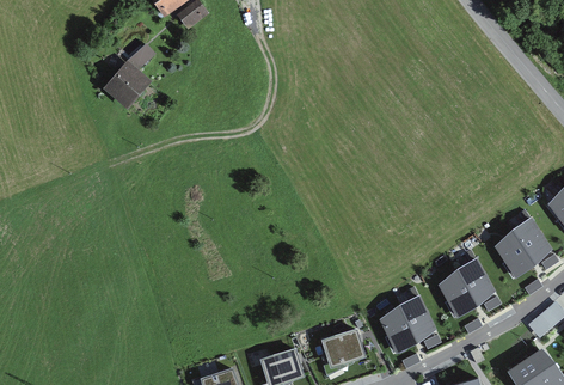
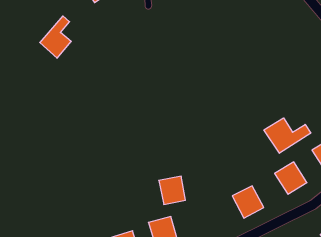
building: none -> [264,118,311,153]
building: [325,324,363,365] -> [159,176,185,204]

